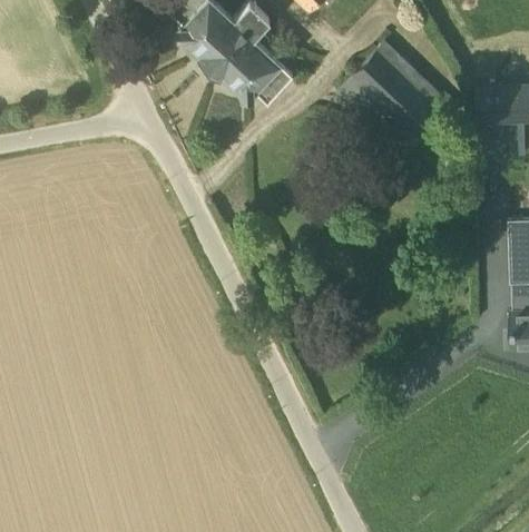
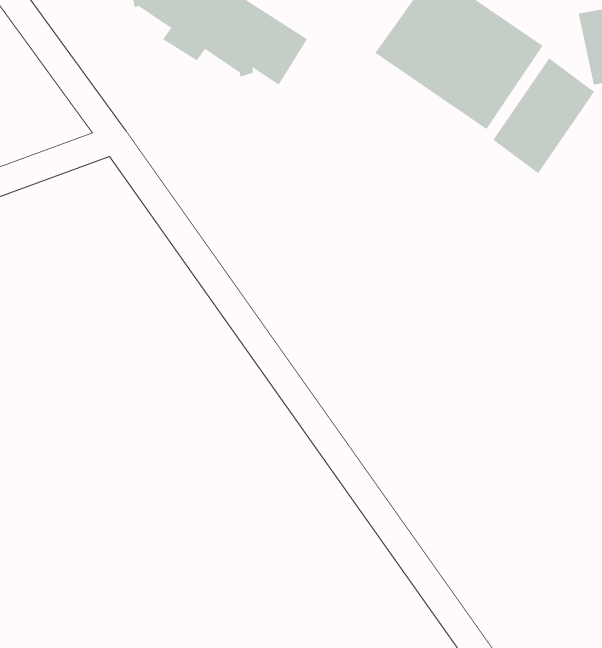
building: none -> [493,58,595,174]

